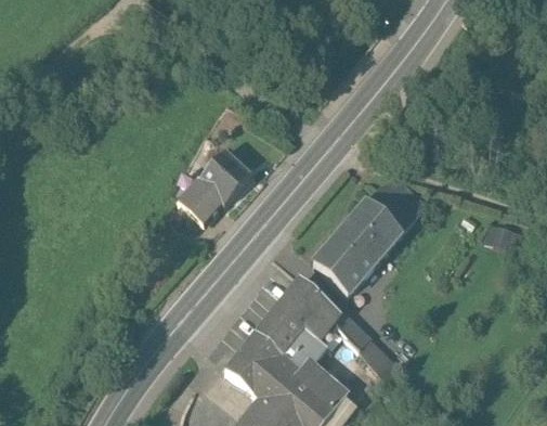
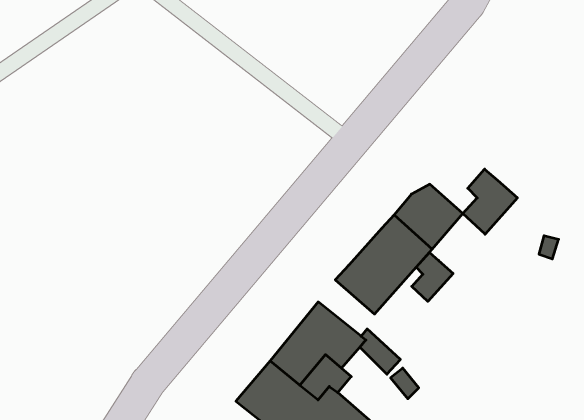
building: [174,160,246,229] -> none
building: none -> [463,169,517,234]
building: none -> [412,252,453,301]

